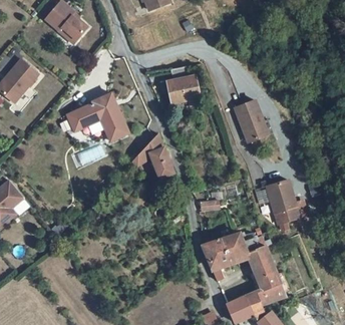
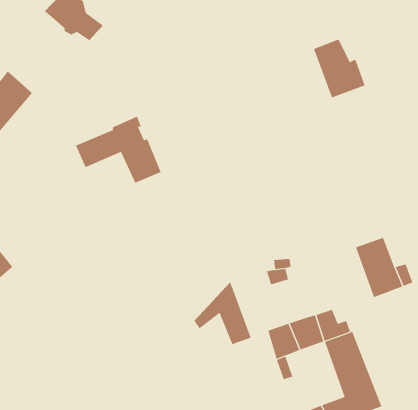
building: [162,63,200,102] -> none
building: [235,98,272,140] -> [313,39,366,98]
building: [131,131,173,177] -> [194,281,252,345]

